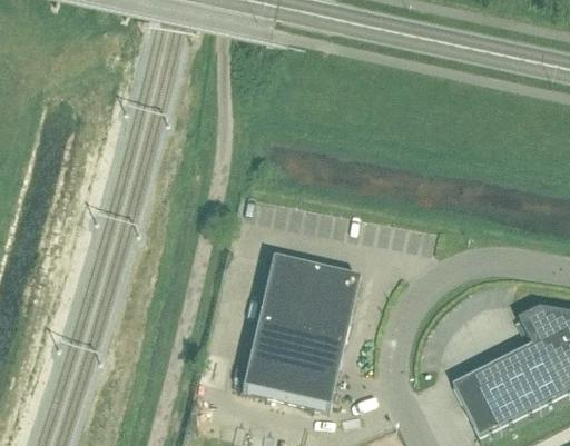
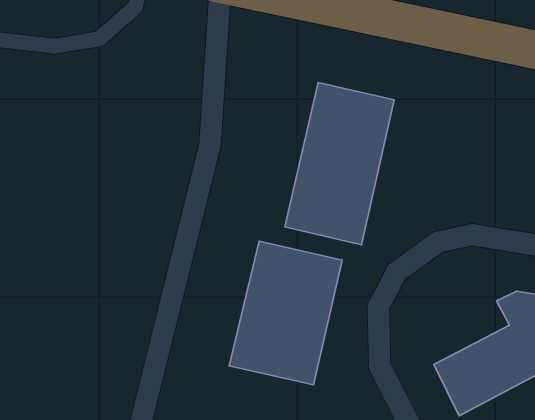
building: none -> [285,82,394,245]

